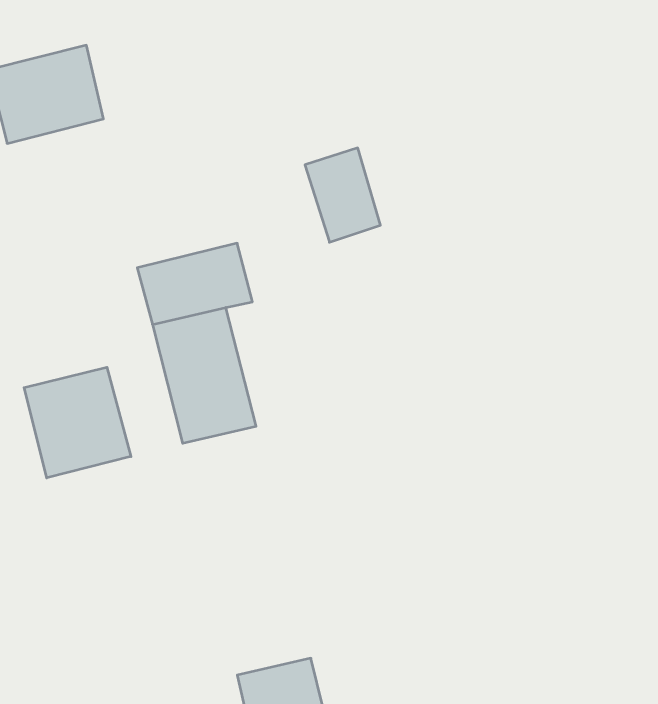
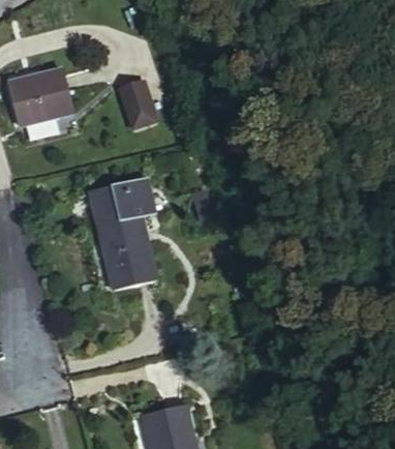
building: [305,148,380,242] -> [116,80,157,131]
building: [24,367,131,478] -> none

